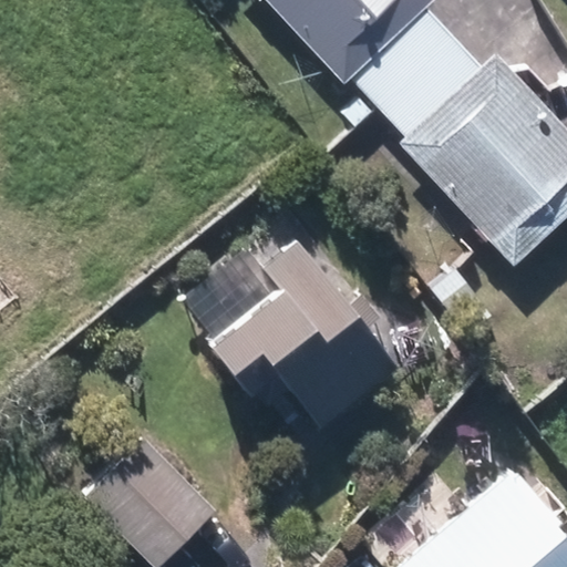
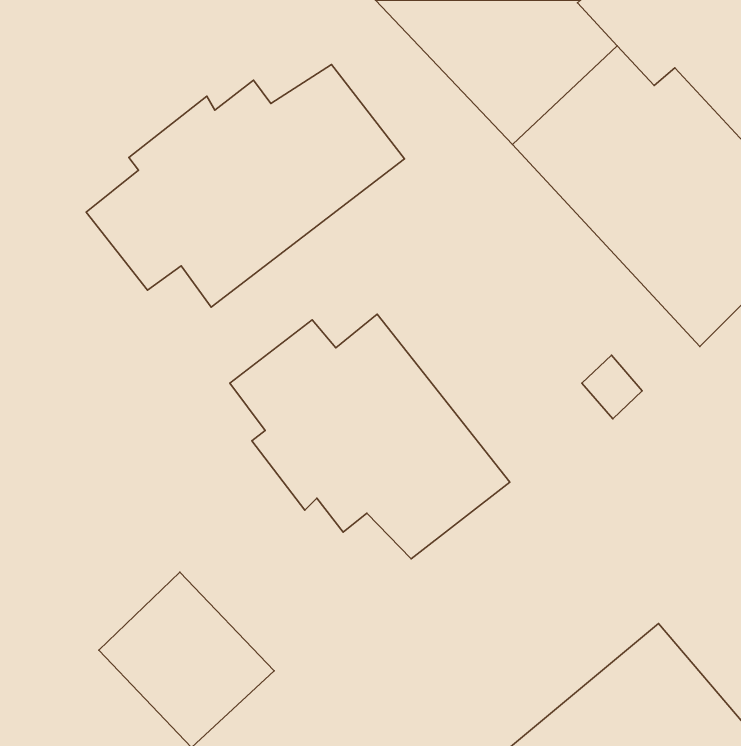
building: none -> [86,65,405,307]

